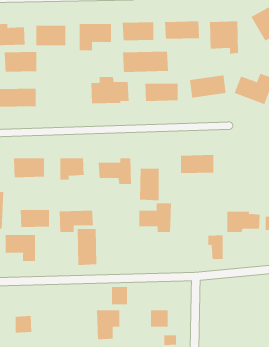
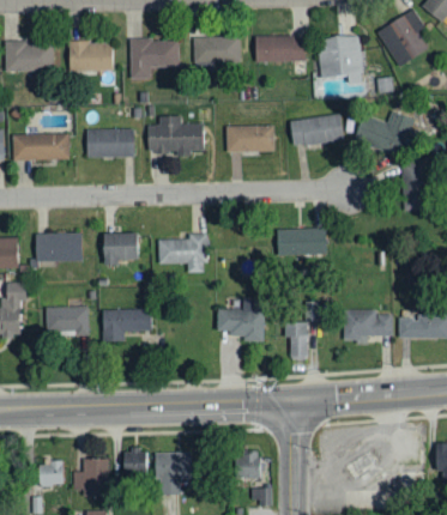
building: [123,51,168,73] -> none
building: [4,51,37,72] -> [86,128,134,158]
building: [139,168,159,201] -> none
building: [77,228,97,266] -> none
building: [5,234,35,262] -> none
building: [208,235,223,260] -> [285,322,308,358]
building: [111,287,128,305] -> [123,450,147,477]
building: none -> [75,459,109,496]

